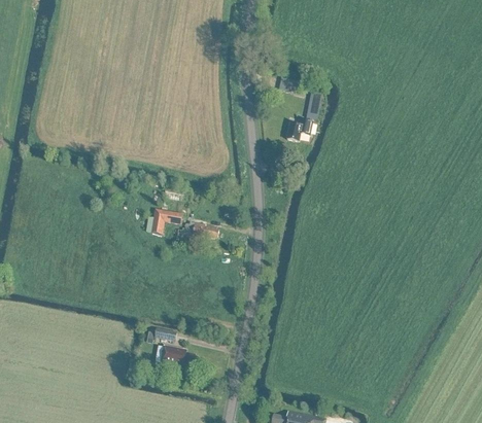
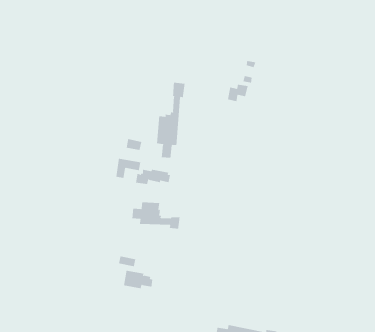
building: none -> [156,82,185,159]
building: none -> [132,202,180,230]

